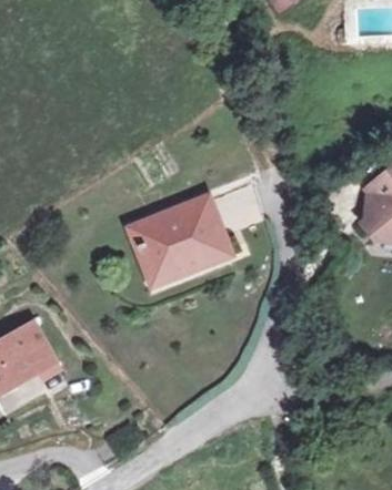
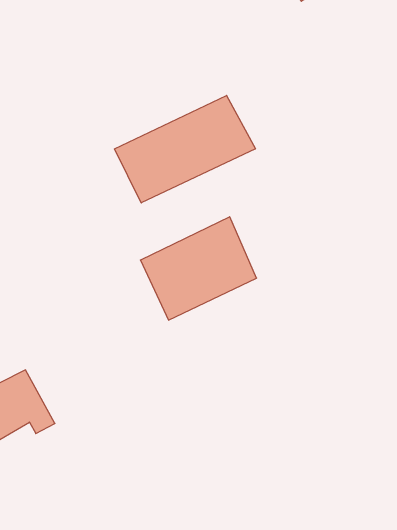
building: none -> [115,95,255,203]

